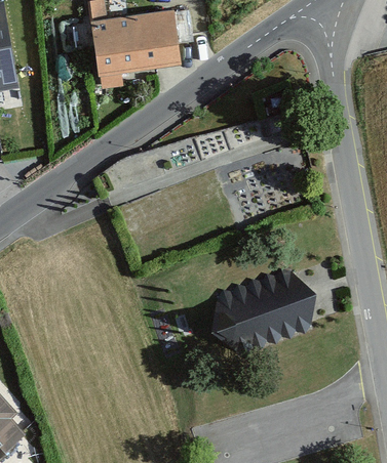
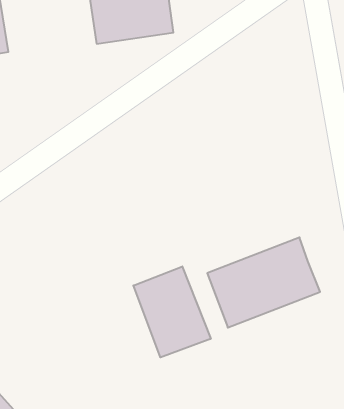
building: none -> [133,266,211,357]

